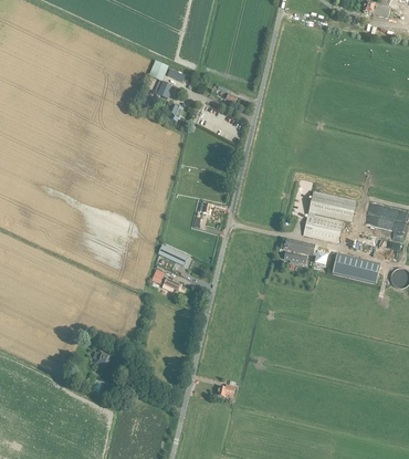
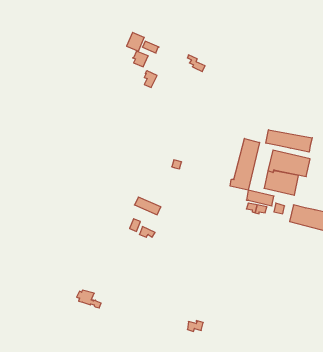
building: none -> [266,130,312,152]
building: none -> [230,138,260,190]

